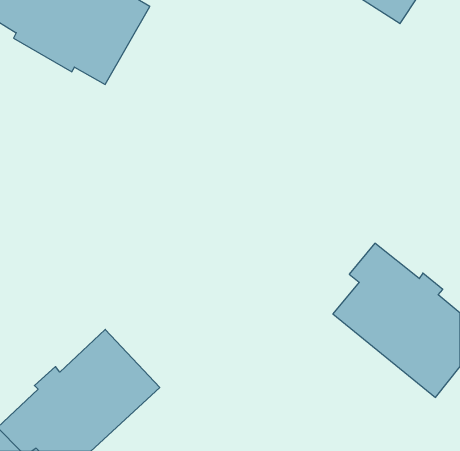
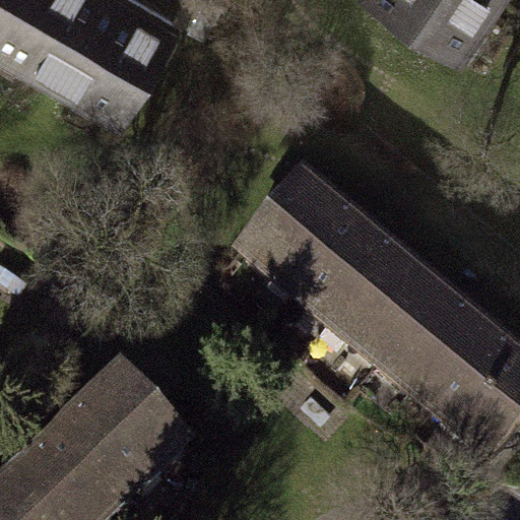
building: none -> [236,170,419,351]

